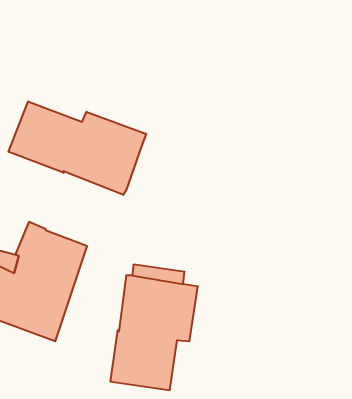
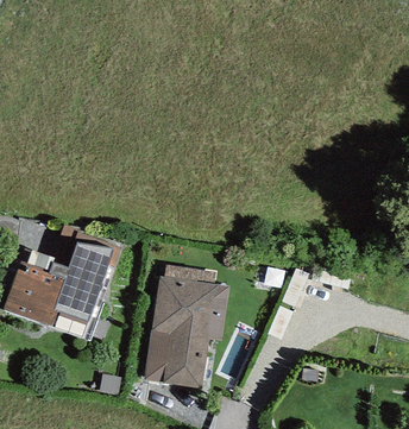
building: [9,101,146,195] -> none

